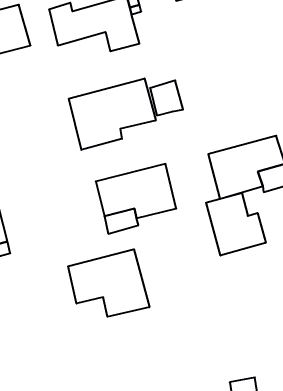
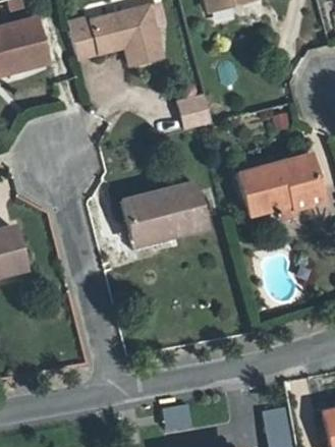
building: [69,78,156,150] -> none
building: [206,193,266,256] -> none
building: [68,249,149,317] -> none

